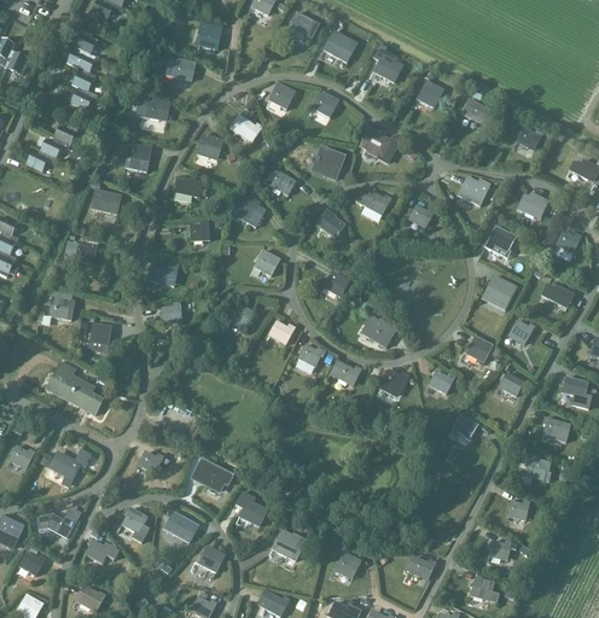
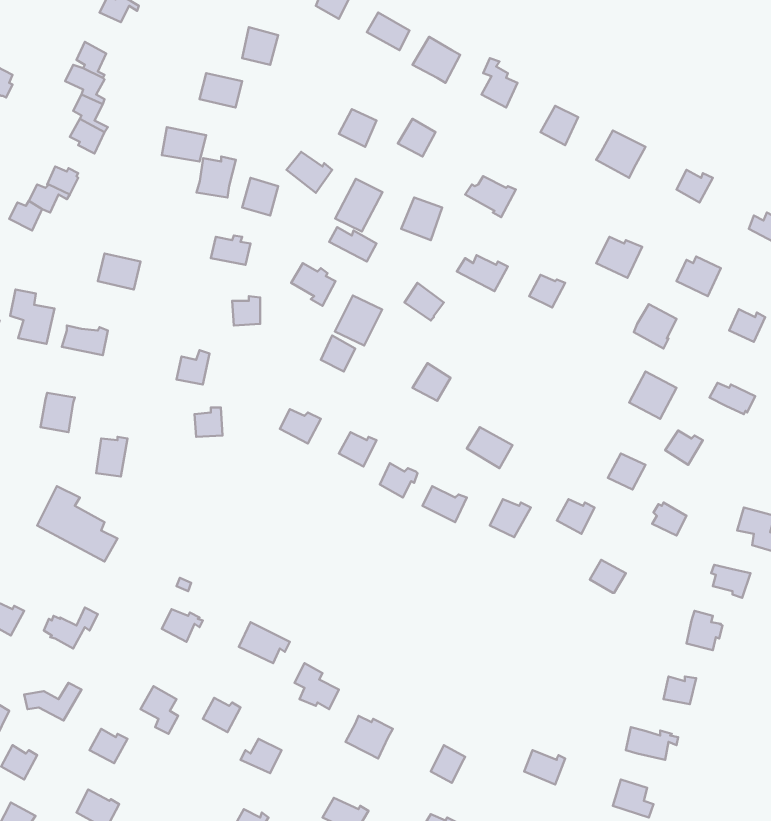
building: none -> [335,179,382,232]
building: [124,141,153,171] -> [196,156,236,197]
building: none -> [10,290,54,344]
building: none -> [335,296,382,346]

